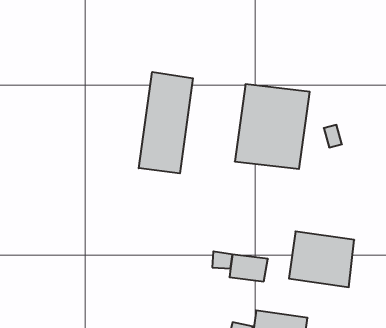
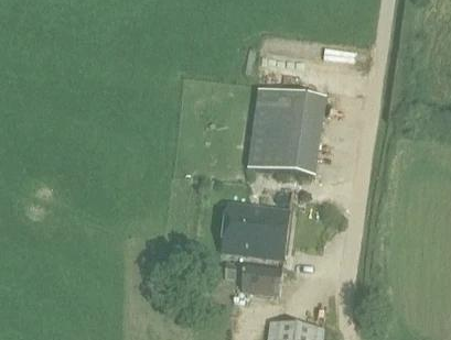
building: [139,72,193,173] -> none
building: [289,231,354,287] -> [223,201,290,259]

